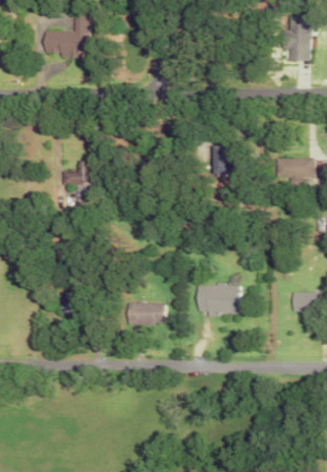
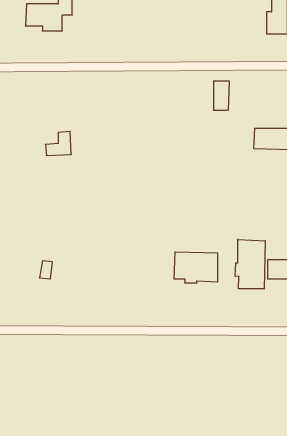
building: [213,145,229,175] -> [213,81,229,110]
building: none -> [235,239,265,289]
building: [125,302,166,324] -> none

